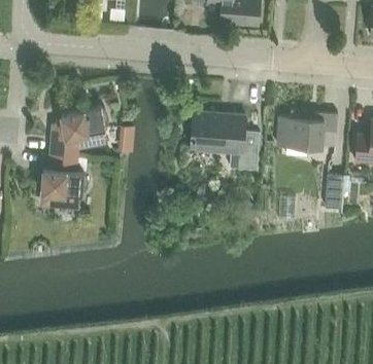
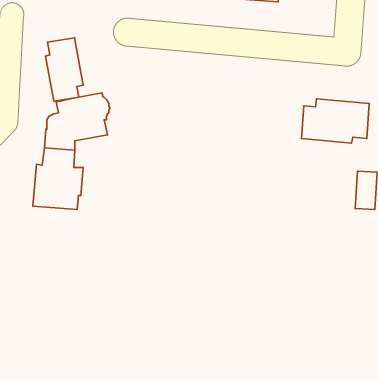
building: none -> [45,38,83,101]
building: [191,111,259,169] -> none

